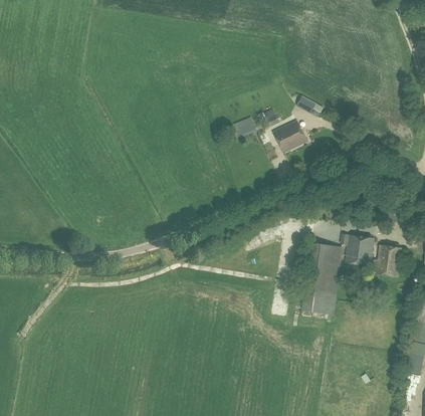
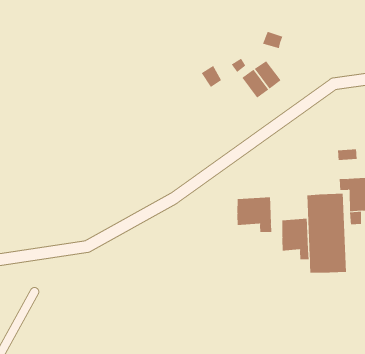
building: none -> [237,197,272,233]
building: none -> [282,218,309,260]

